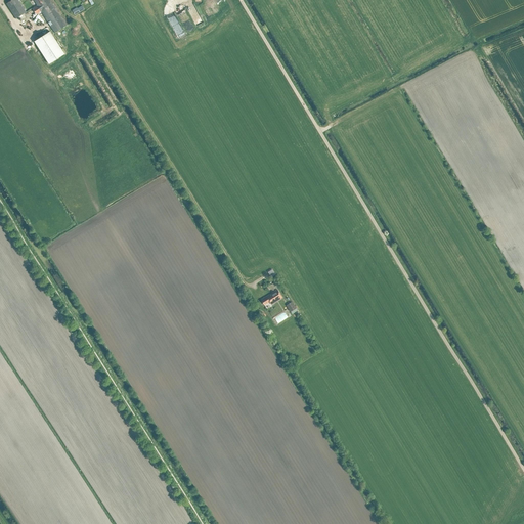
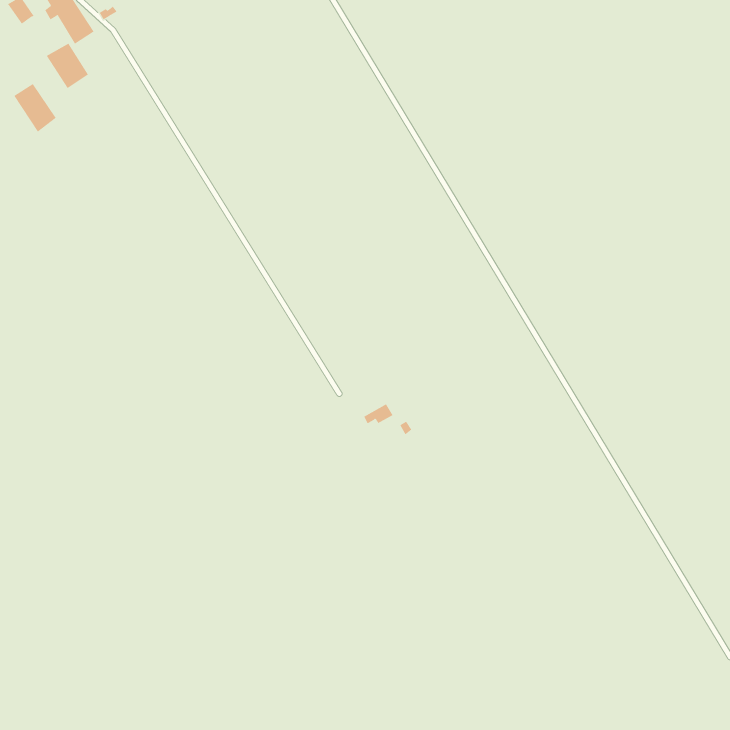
building: none -> [14,83,56,133]

